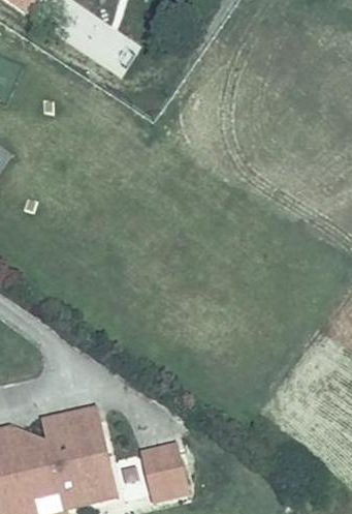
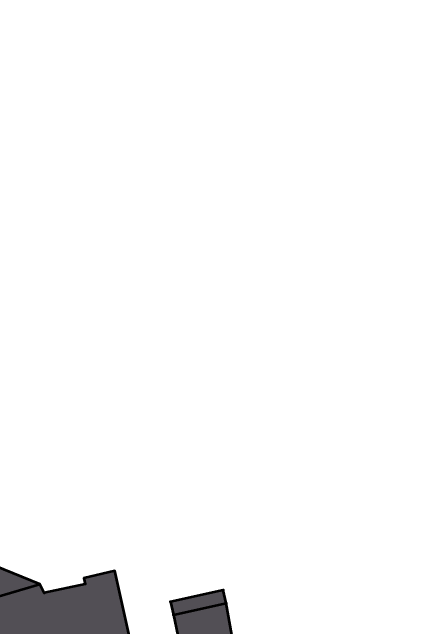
building: [43,409,101,447] -> none

